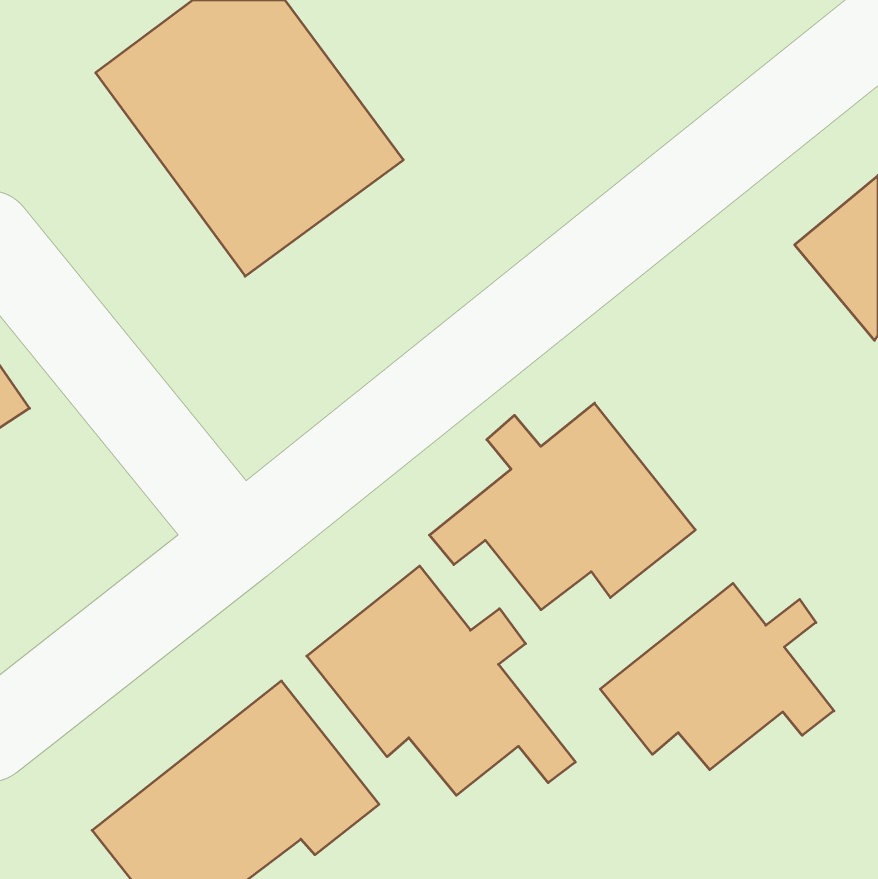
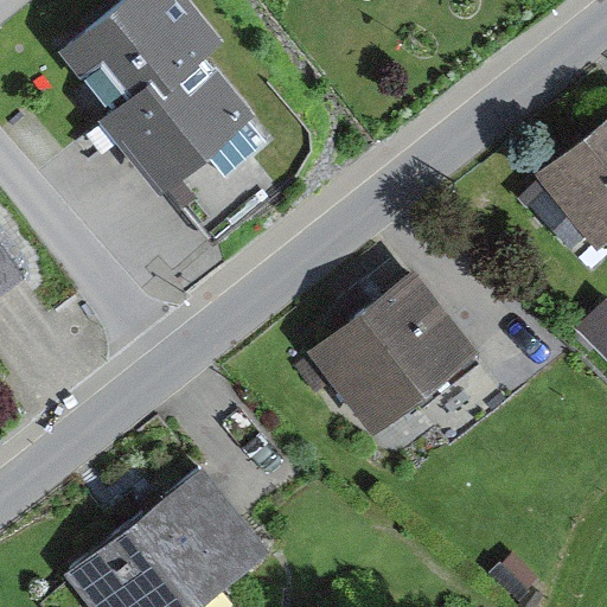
building: [307,566,575,795] -> none
building: [600,583,834,770] -> none

